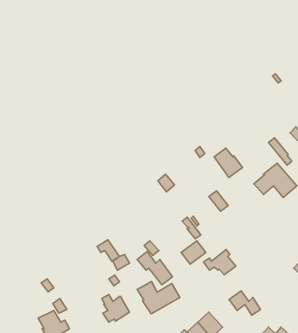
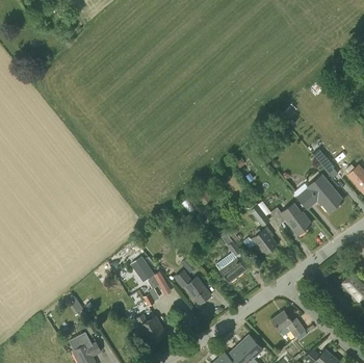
building: [214,148,243,177] -> [282,204,312,235]
building: [204,249,236,275] -> [243,228,278,255]
building: [137,282,180,314] -> none

